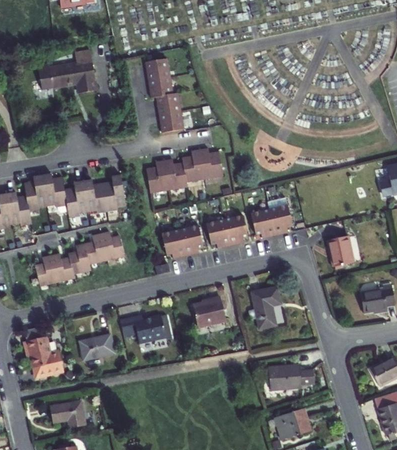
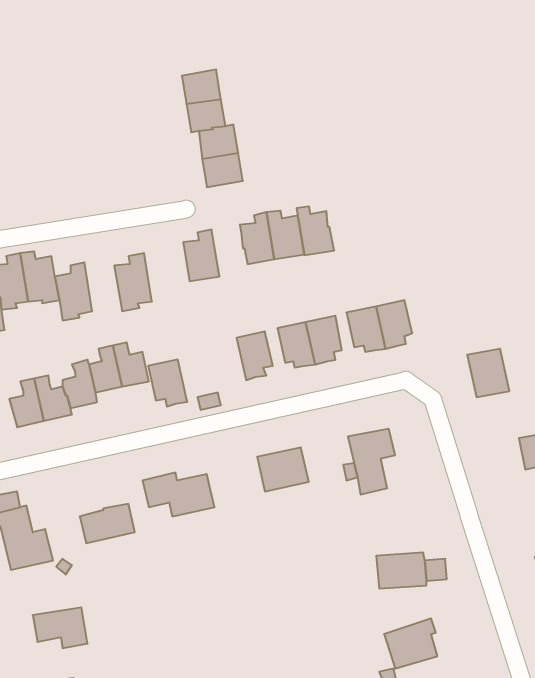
building: [37,51,96,94] -> none
building: [164,159,188,190] -> [297,206,334,255]
building: [83,180,107,213] -> none
building: [161,229,186,259] -> [148,360,187,407]

